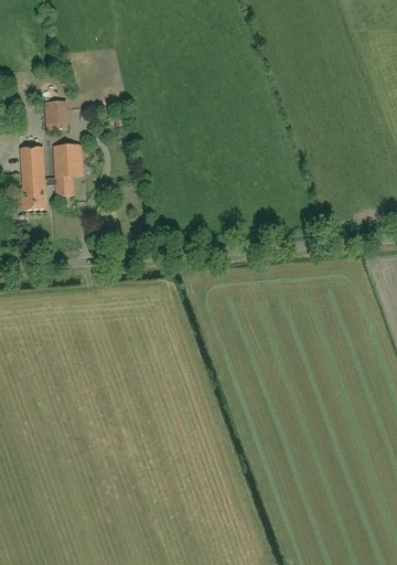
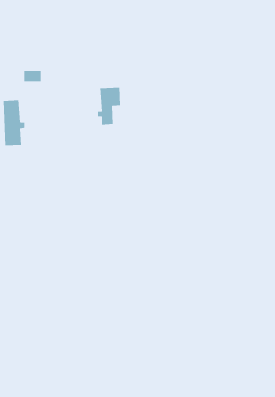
building: [50,145,82,195] -> [97,87,121,125]

